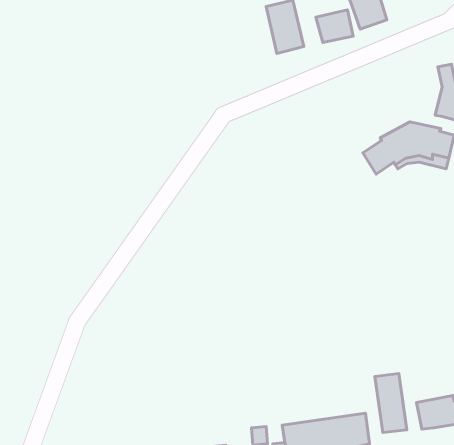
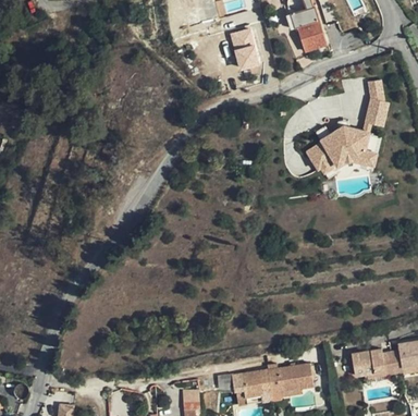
building: [316,10,353,43] -> none
building: [375,374,407,433] -> none

